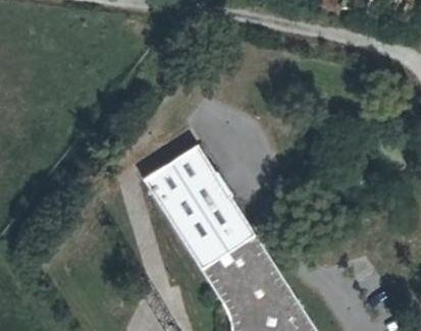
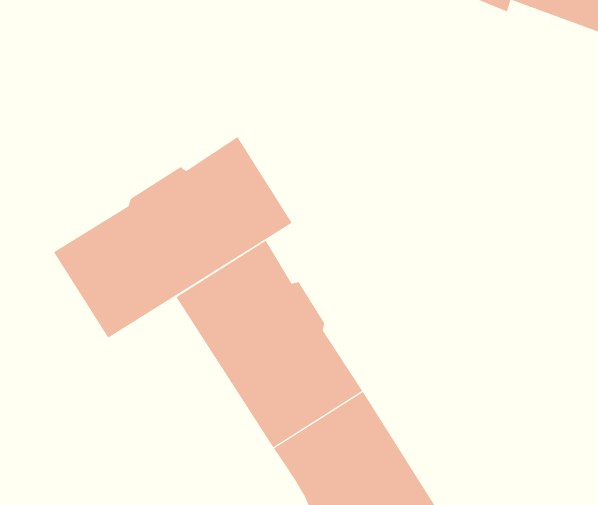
building: none -> [53,136,292,339]

